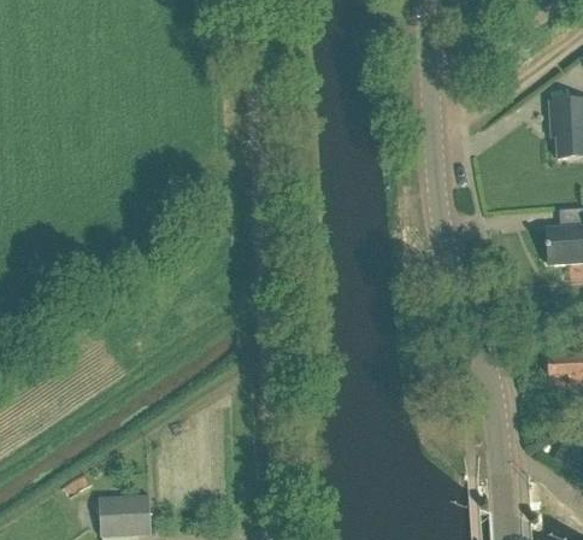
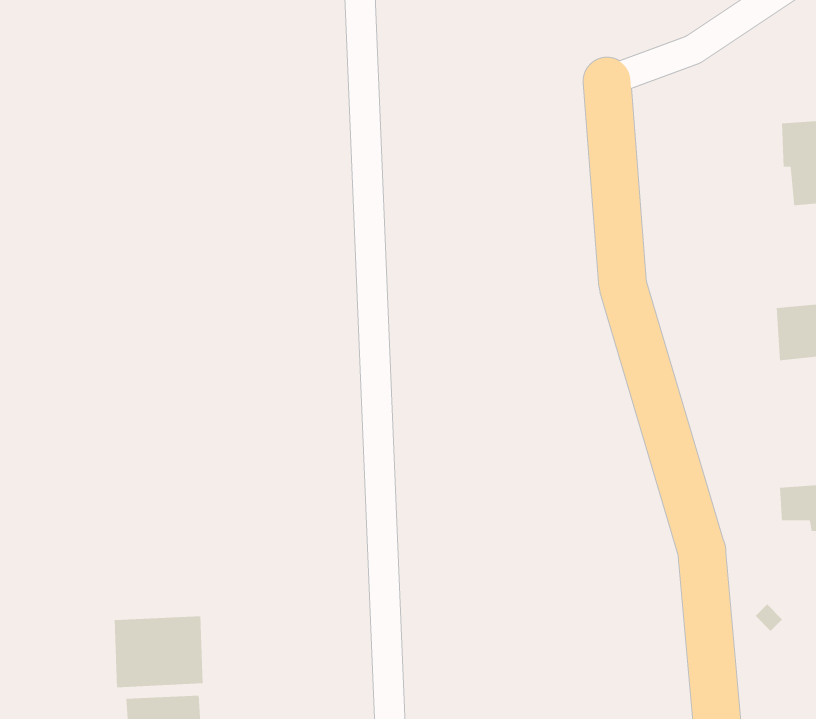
building: none -> [114,615,203,688]

